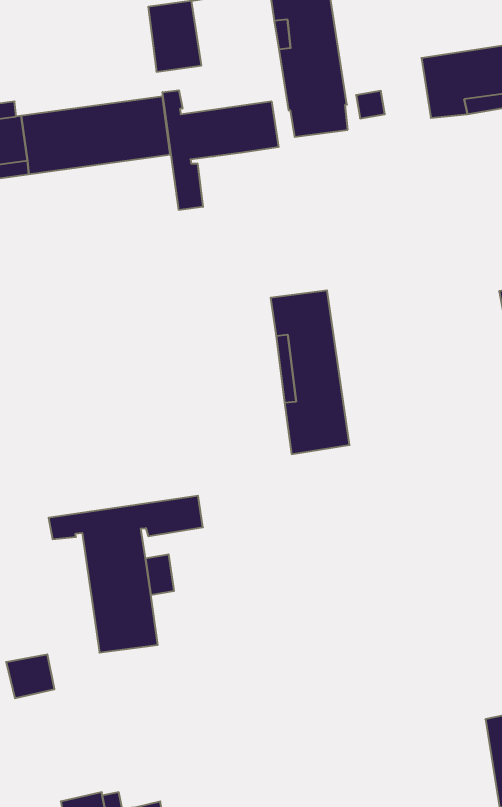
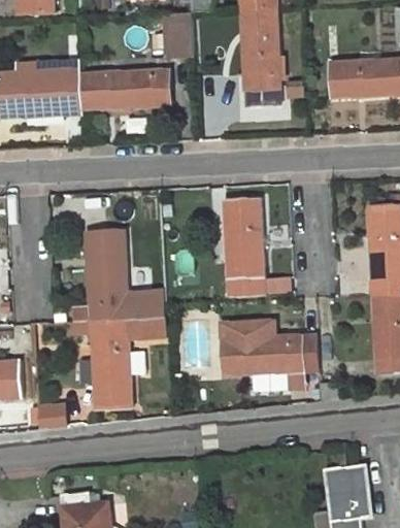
building: [163,90,279,210] -> none
building: none -> [73,230,166,320]
building: none -> [218,320,313,389]

